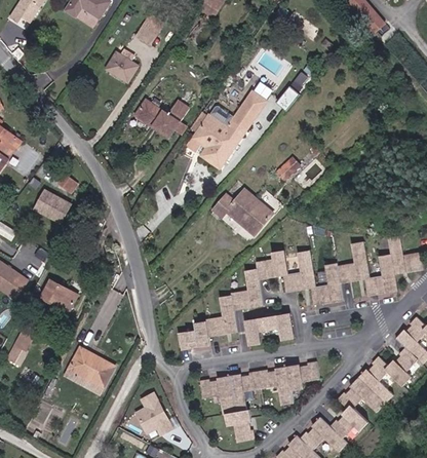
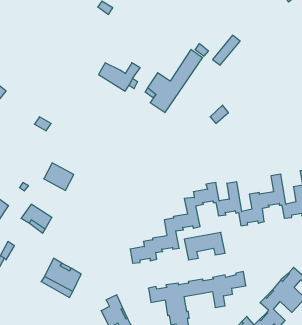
building: [107,53,138,82] -> none
building: [216,186,271,231] -> none
building: [36,188,73,222] -> [44,163,74,190]

